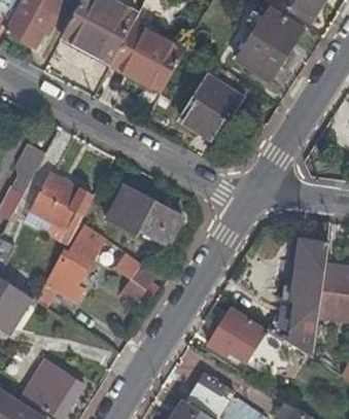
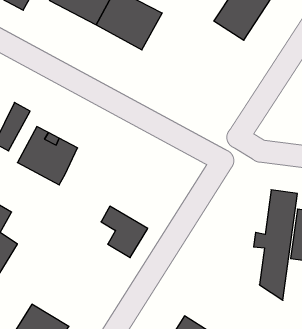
building: [179,74,241,140] -> none
building: [105,187,181,244] -> none
building: [49,225,102,296] -> none
building: [208,309,269,362] -> none

